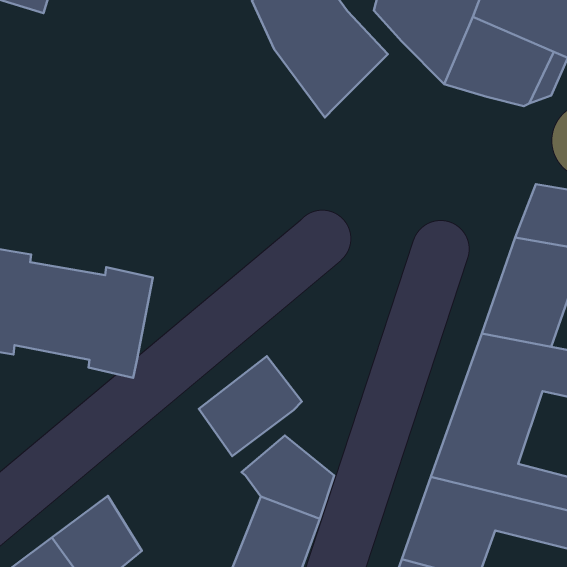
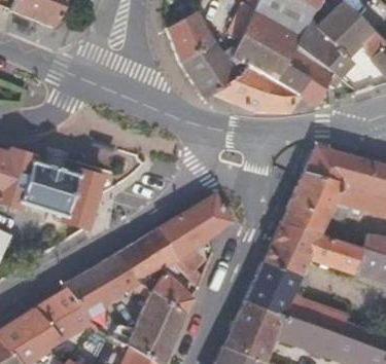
building: none -> [215,62,299,110]
building: none -> [164,193,234,265]
building: none -> [66,250,145,324]

